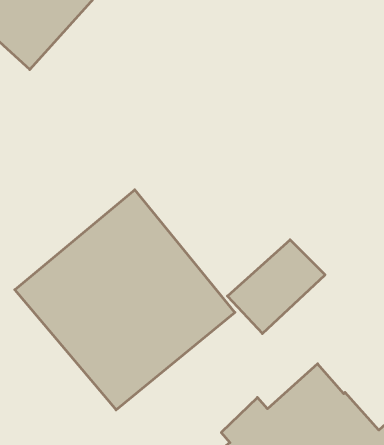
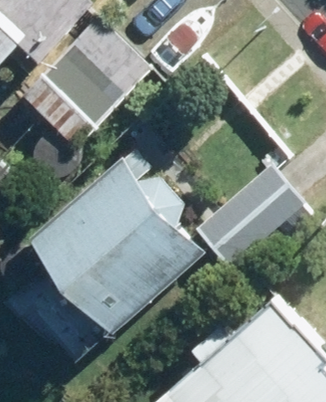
building: none -> [22,18,151,148]

